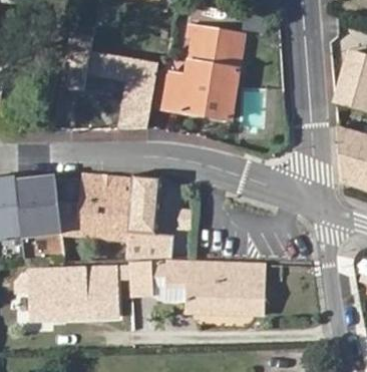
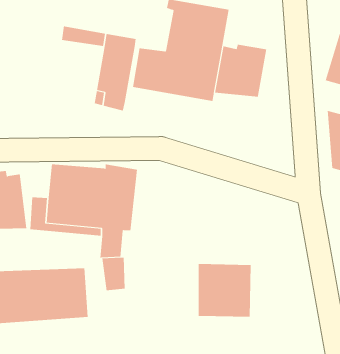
building: none -> [215,44,267,97]
building: [165,265,217,314] -> none

